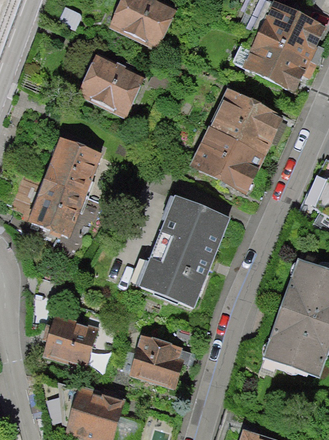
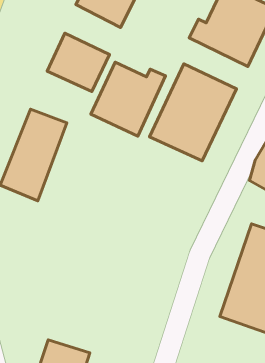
building: none -> [91,62,165,136]
building: [137,194,228,307] -> none
building: [42,311,100,366] -> none
building: [129,336,188,389] -> none

